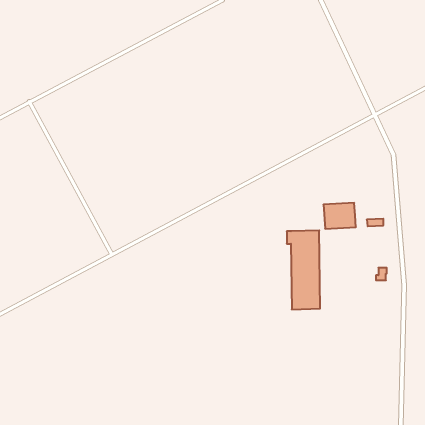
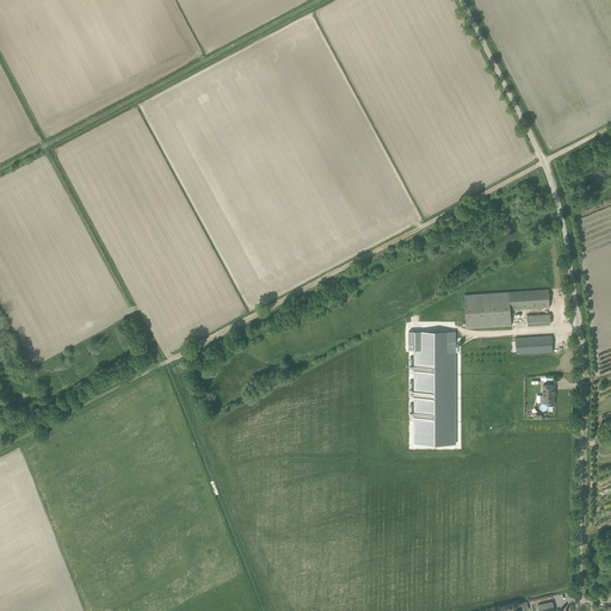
building: none -> [507,289,548,309]
building: none -> [514,335,551,353]

